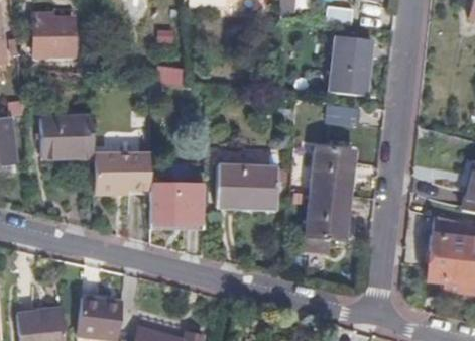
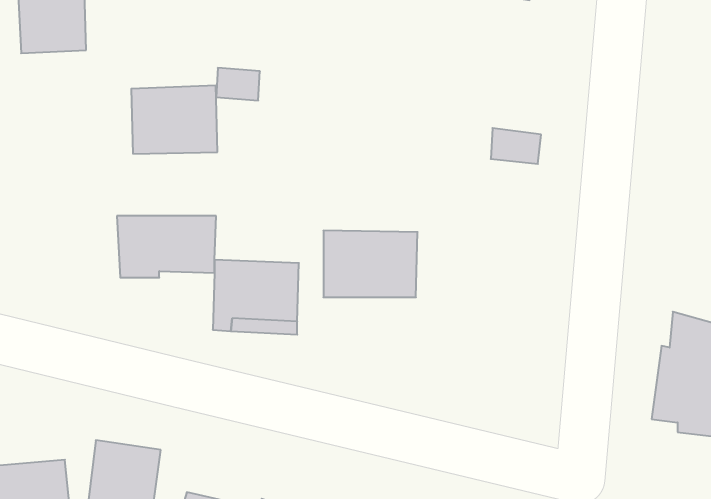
building: [328,32,370,94] -> none
building: [40,114,94,156] -> [131,86,217,154]
building: [302,145,352,250] -> none

